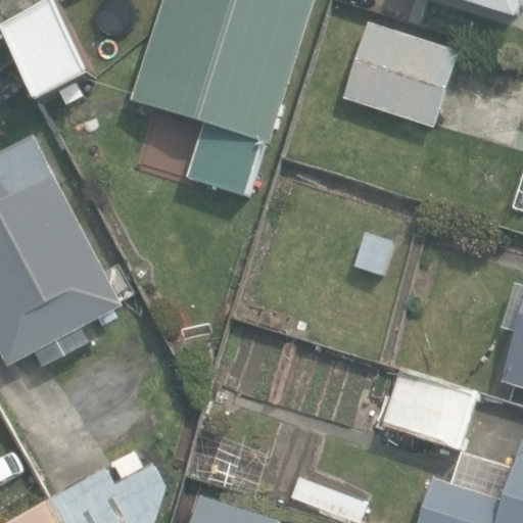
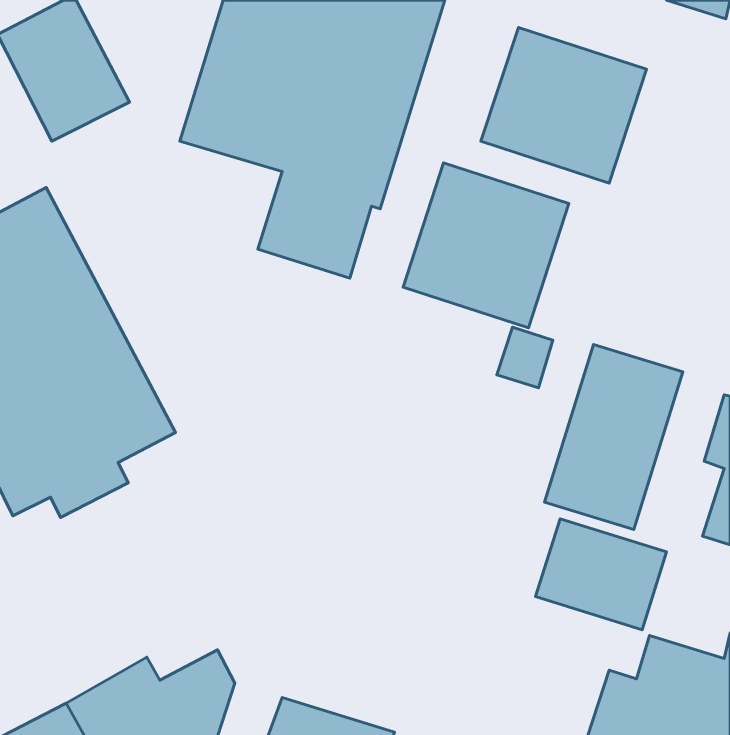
building: none -> [403,163,569,328]
building: none -> [545,344,683,530]

